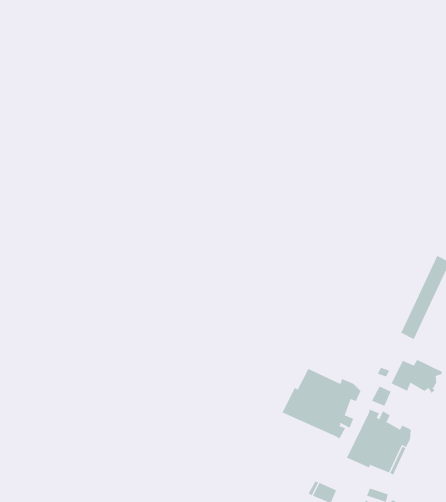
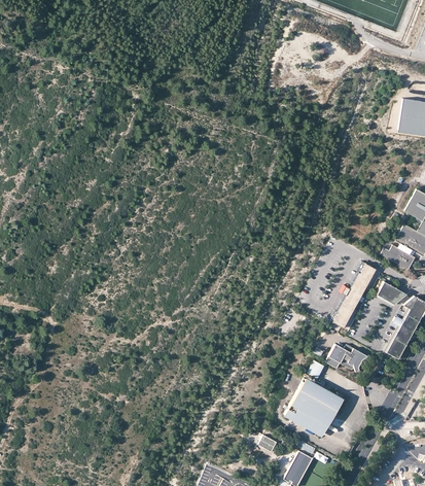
building: [282,368,361,440] -> none

